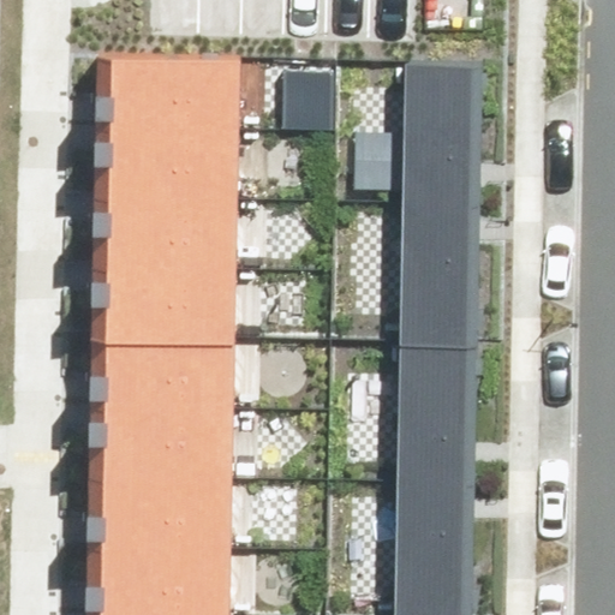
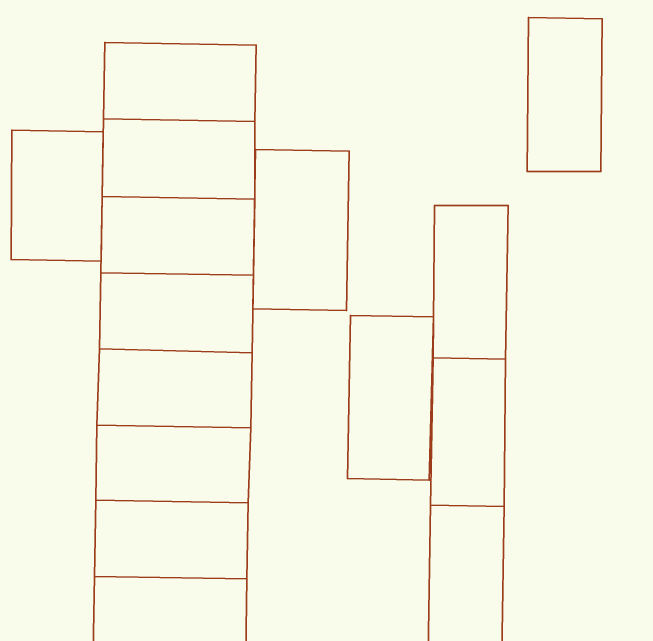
building: [404,66,473,209] -> [527,18,602,171]
building: none -> [11,130,103,261]
building: none -> [253,150,349,310]
building: none -> [348,315,434,480]

